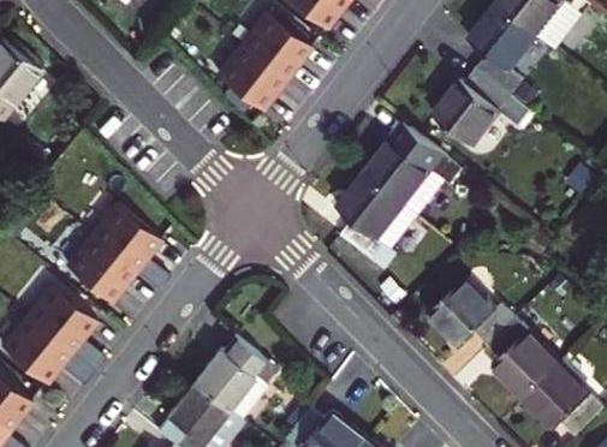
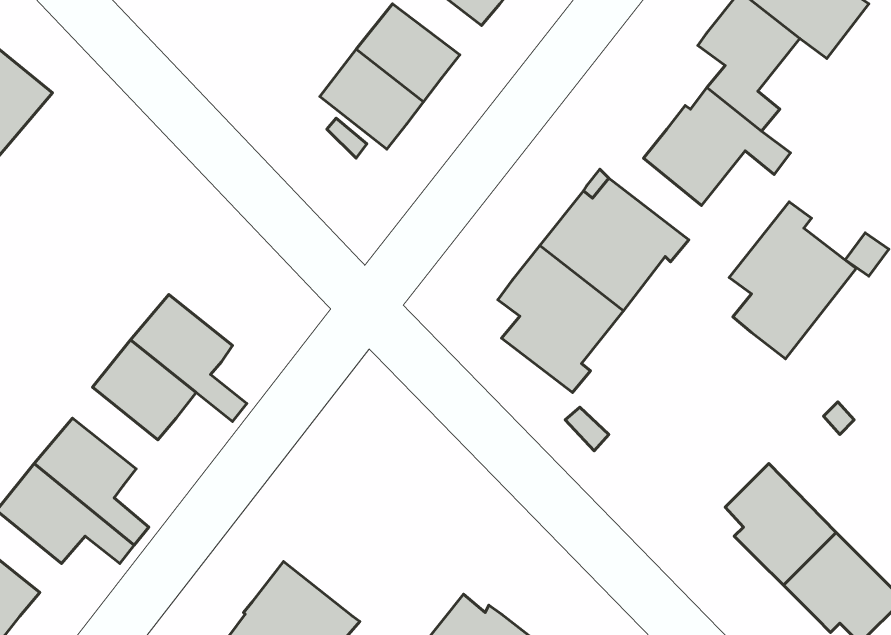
building: none -> [729,202,856,359]
building: [428,280,514,347] -> none
building: [194,336,278,419] -> none

